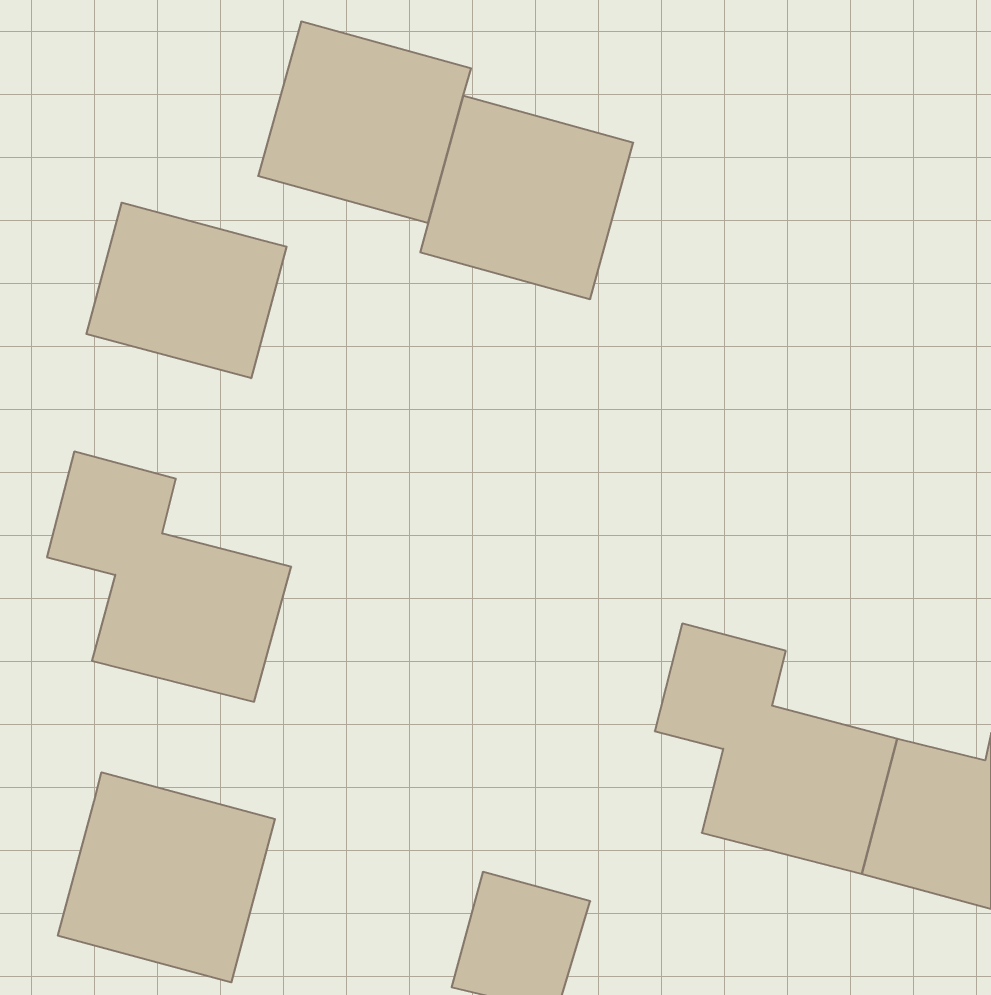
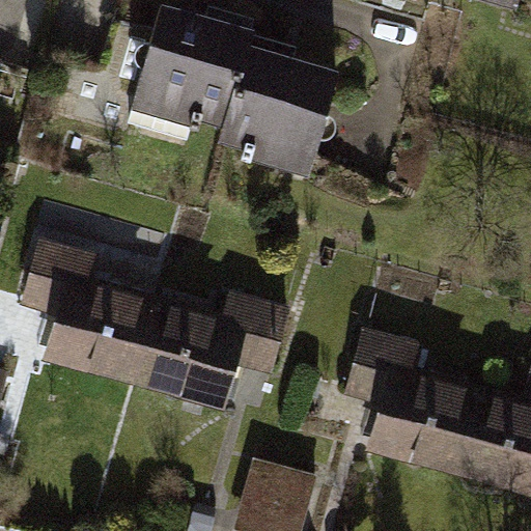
building: [86,203,287,378] -> none
building: none -> [135,292,285,398]
building: [58,772,275,982] -> none

